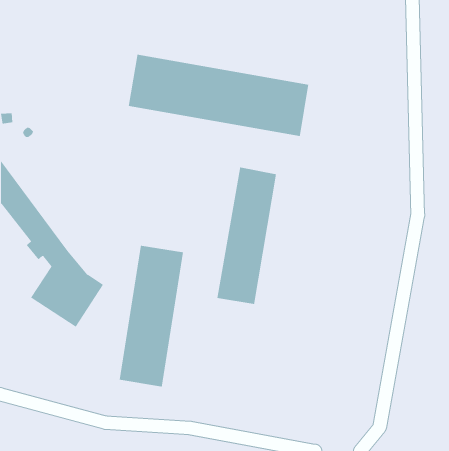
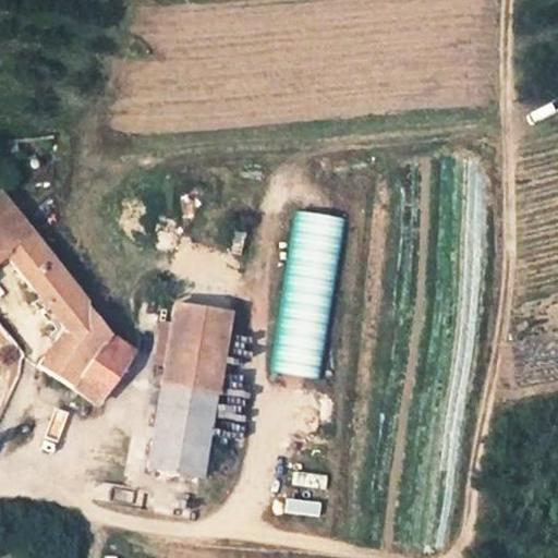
building: [128,54,309,137] -> none

